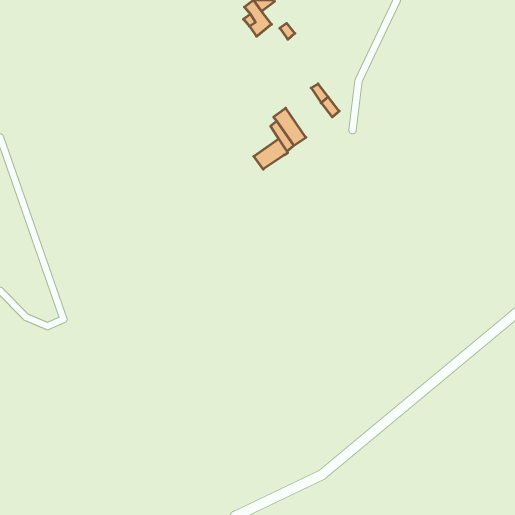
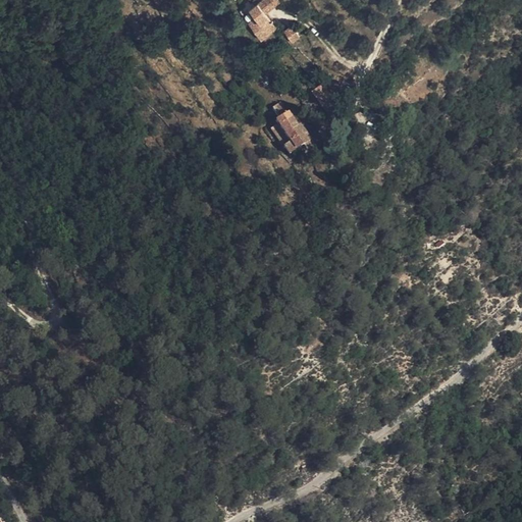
building: [254,139,288,169] -> none

